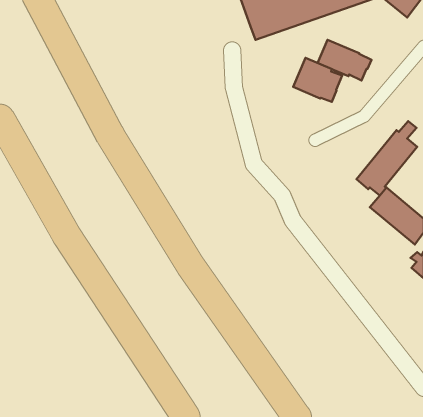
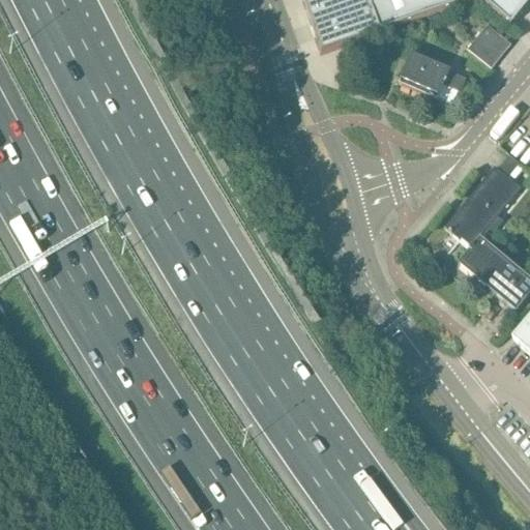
building: none -> [467,21,510,64]
building: [293,58,342,102] -> none

